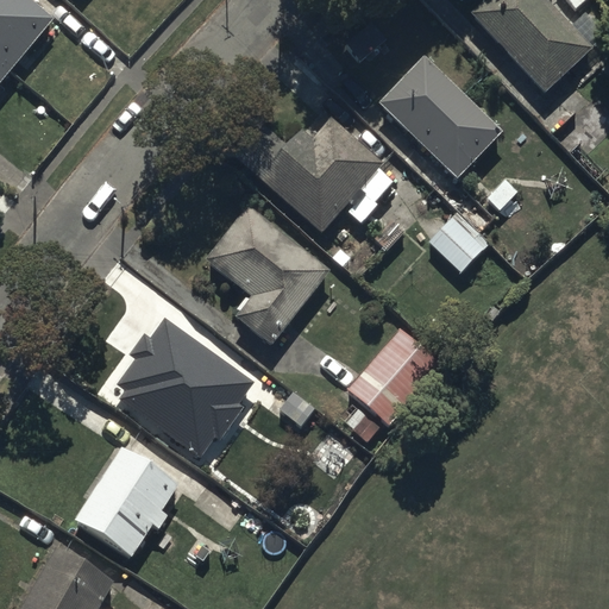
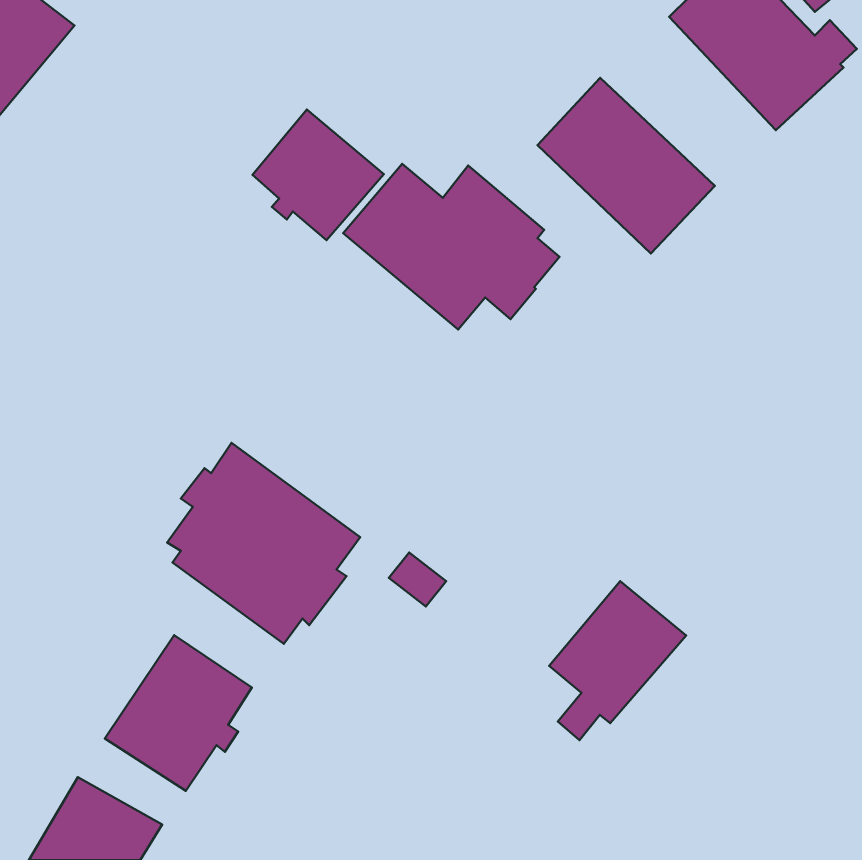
building: none -> [252,110,384,240]
building: [206,206,331,345] -> none
building: [427,212,489,274] -> none
building: [347,331,444,442] -> [549,581,686,740]

